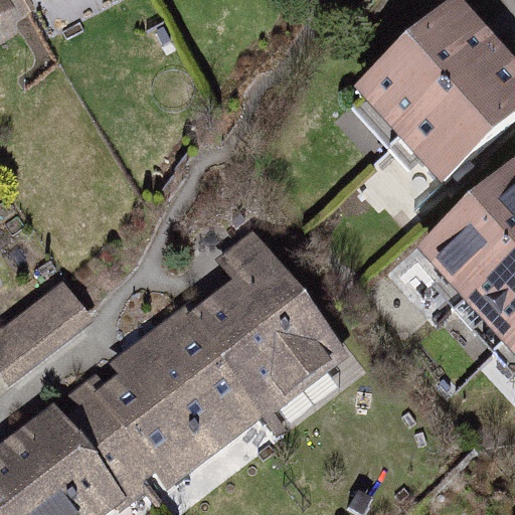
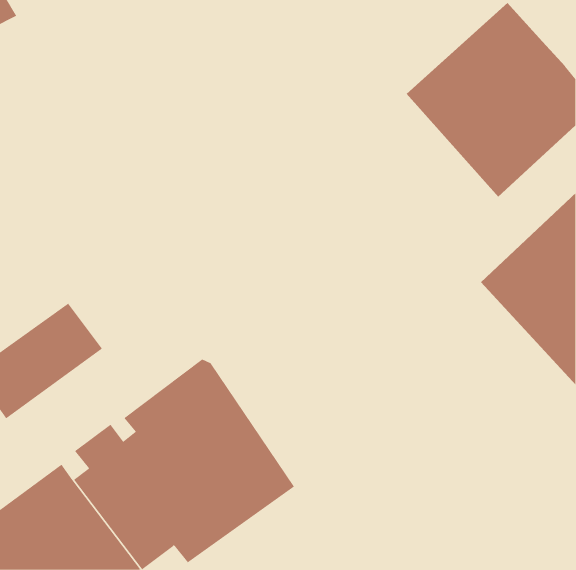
building: [186,231,358,428] -> none

